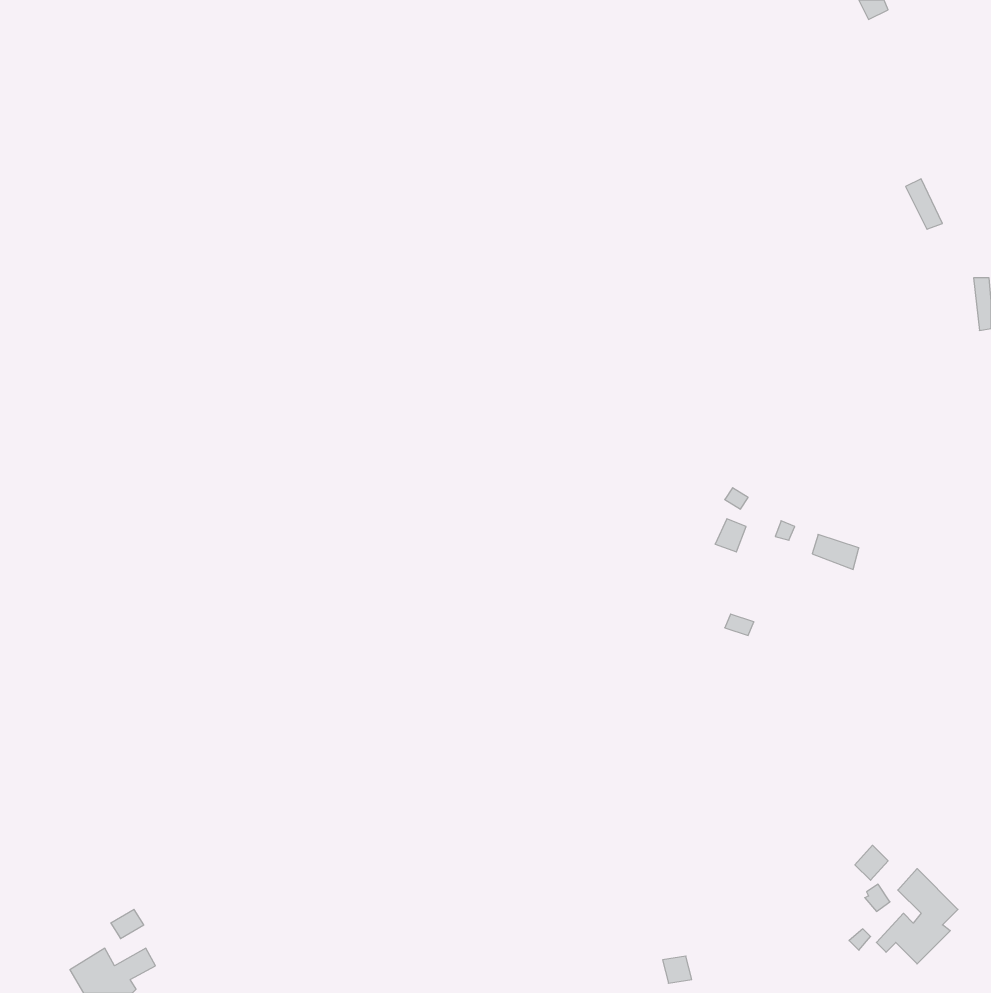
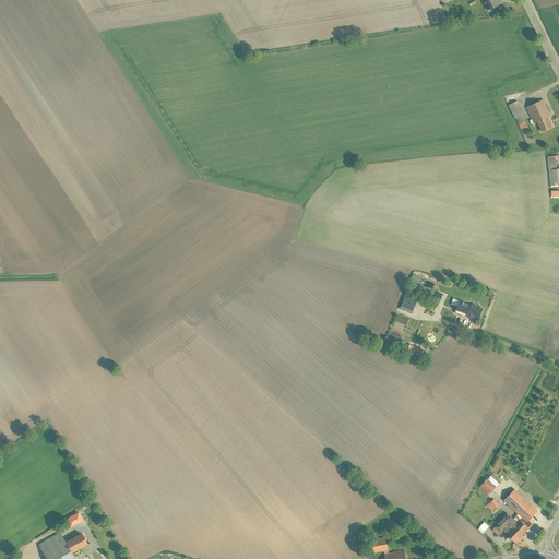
building: none -> [526,99,552,132]

